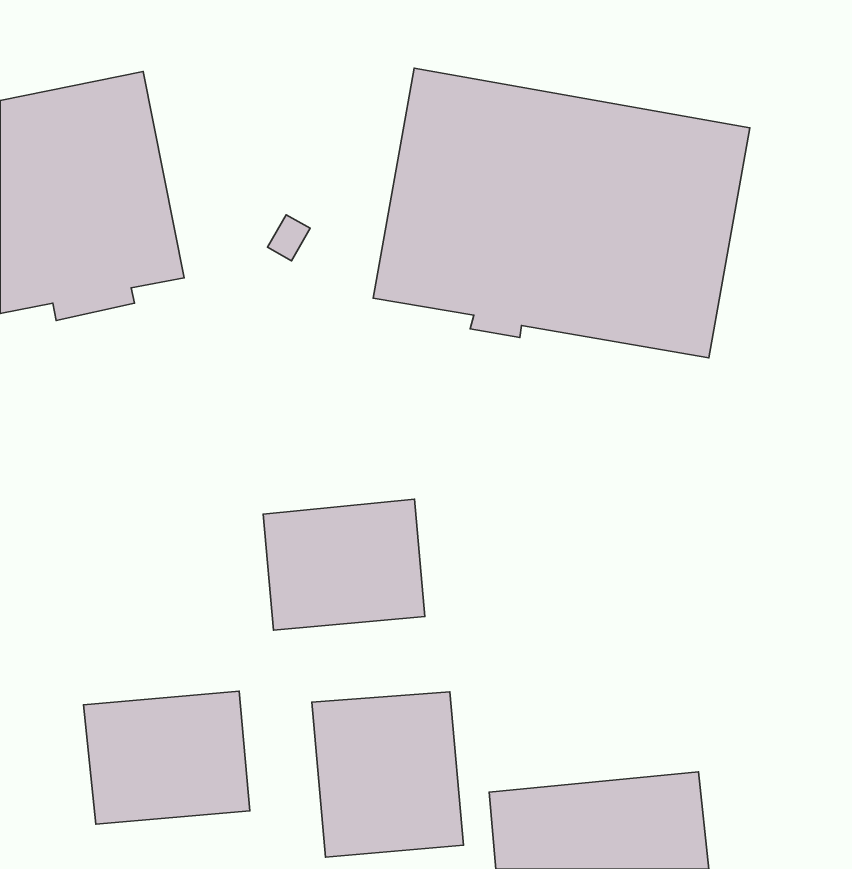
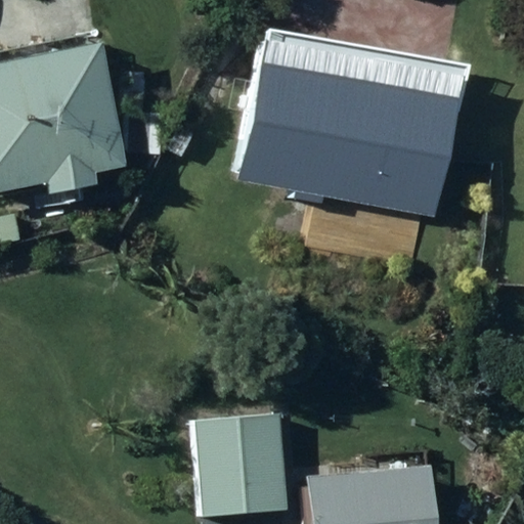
building: [263,499,425,630] -> none
building: [84,691,250,824] -> none

